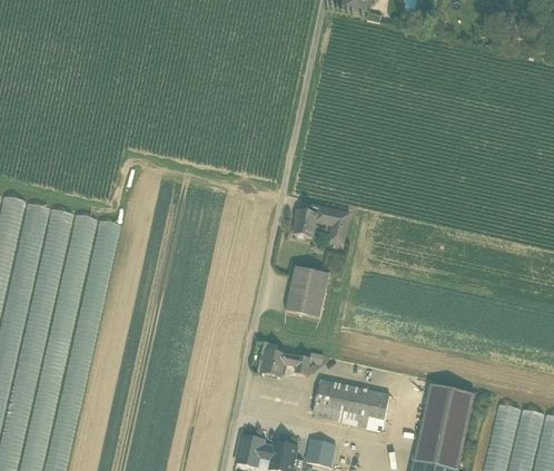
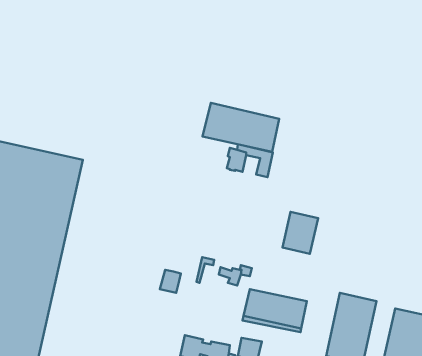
building: none -> [203,103,279,152]
building: [286,266,329,317] -> [282,212,318,254]
building: [260,349,286,376] -> [160,270,181,293]

